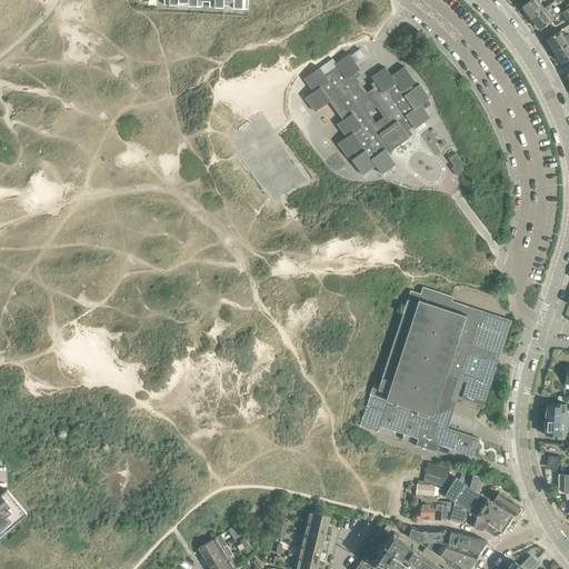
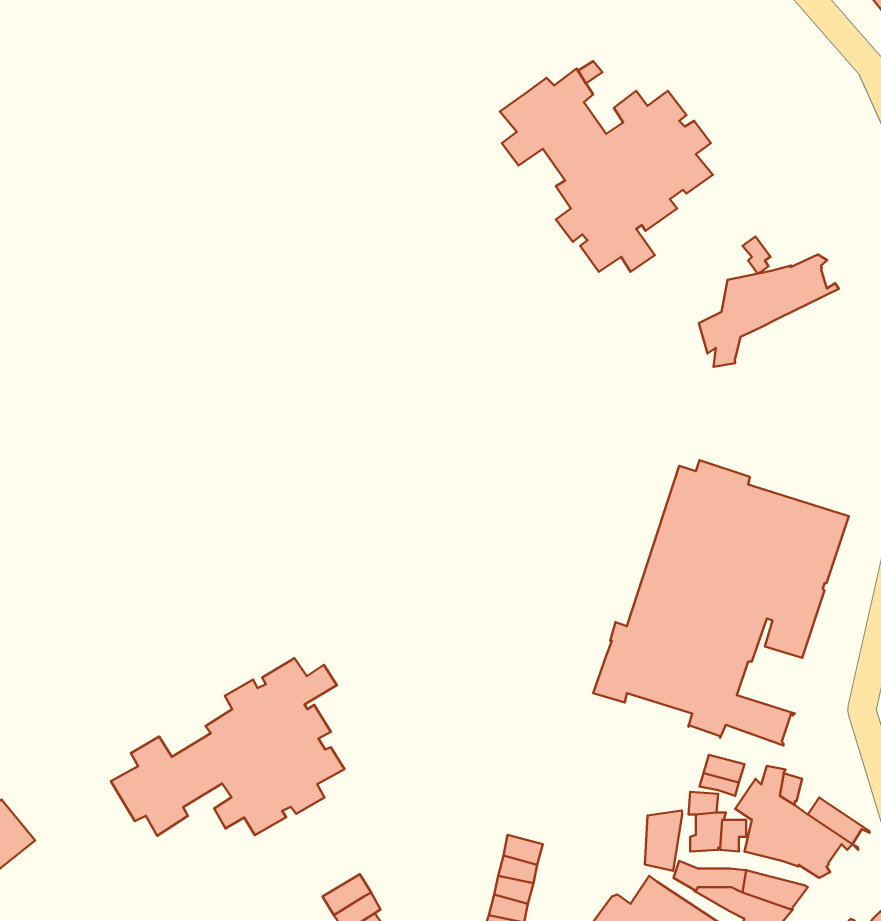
building: none -> [699,254,839,367]
building: none -> [111,658,344,836]
building: none -> [645,811,682,871]

